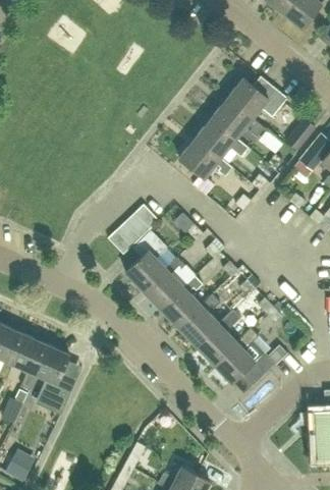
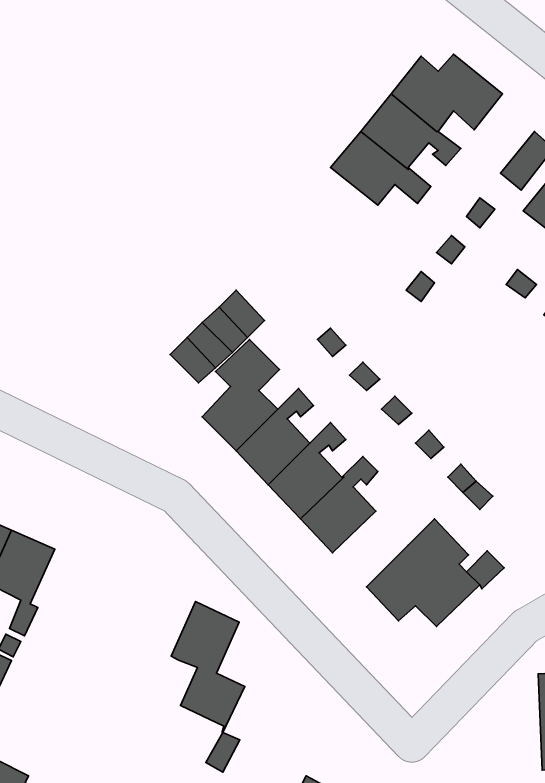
building: [179,138,232,178] -> none
building: [196,309,240,364] -> none
building: [33,343,72,415] -> [171,602,245,734]

